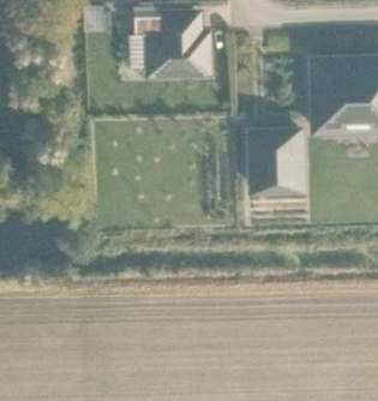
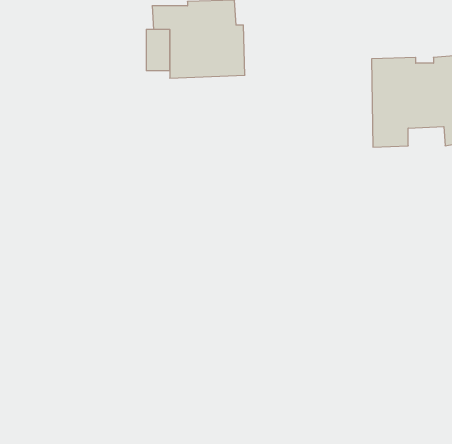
building: [250,131,299,190] -> none

